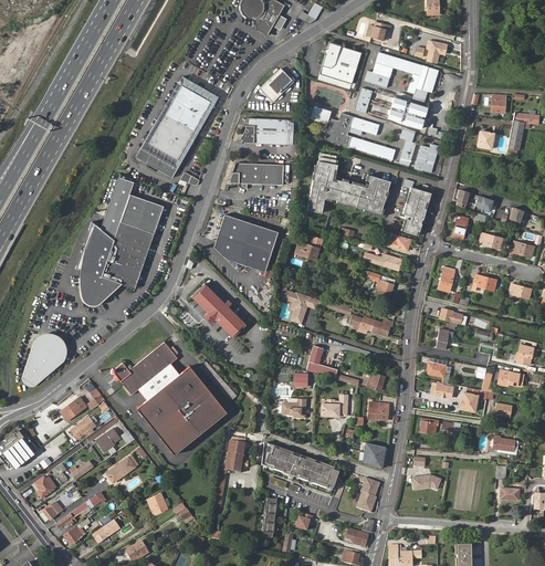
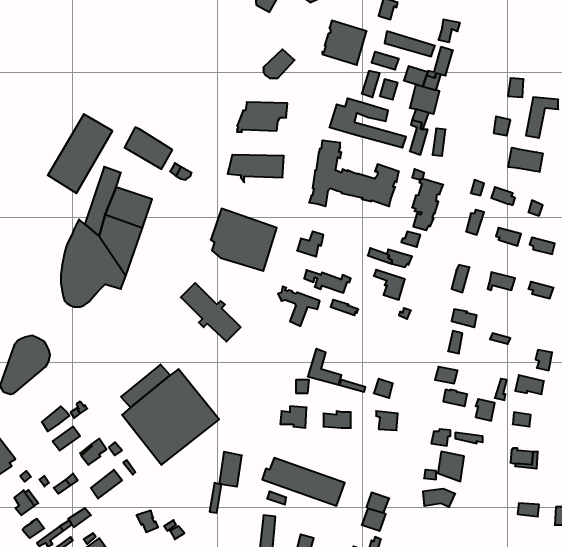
building: [151,85,211,158] -> [48,114,112,193]
building: none -> [508,148,543,172]
building: [350,314,394,335] -> [304,270,351,293]
building: [111,338,175,391] -> none
building: [364,441,388,469] -> [438,452,464,481]

